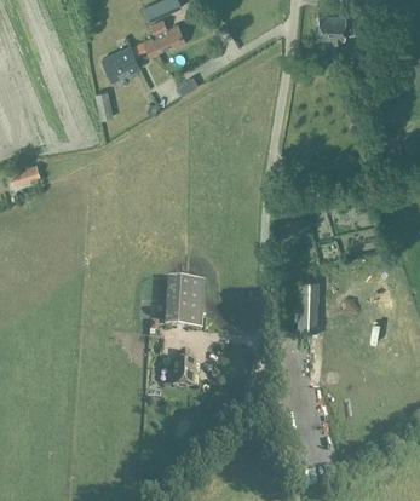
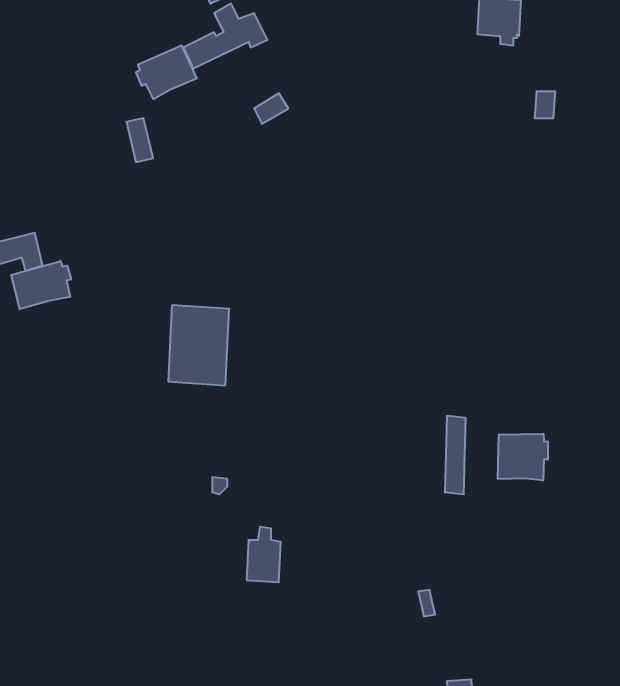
building: none -> [11,261,71,309]
building: [166,276,205,327] -> [168,305,229,385]
building: none -> [498,434,548,481]

